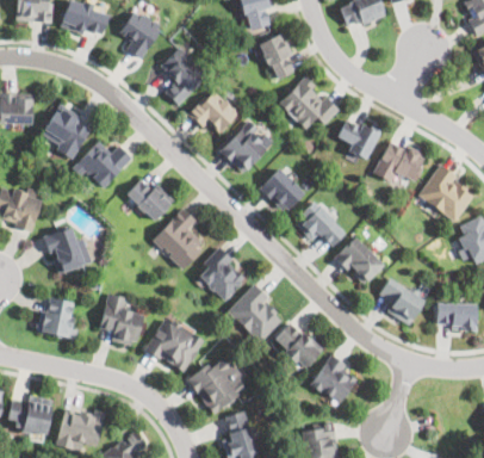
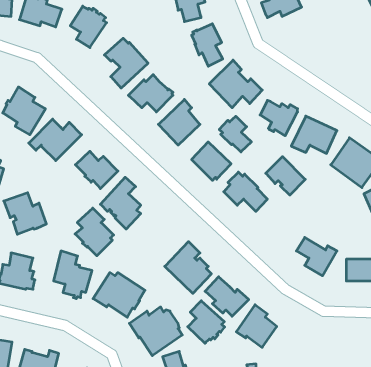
building: none -> [219,116,251,152]
building: [336,237,381,281] -> [266,157,305,195]
building: [199,246,243,301] -> [75,208,114,256]
building: none -> [188,301,225,343]

